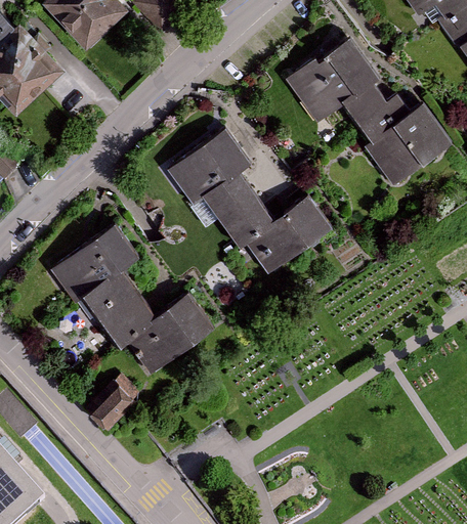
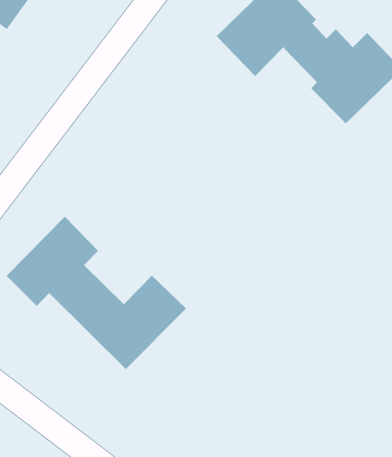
building: [163,122,328,275] -> none
building: [94,385,140,432] -> none

